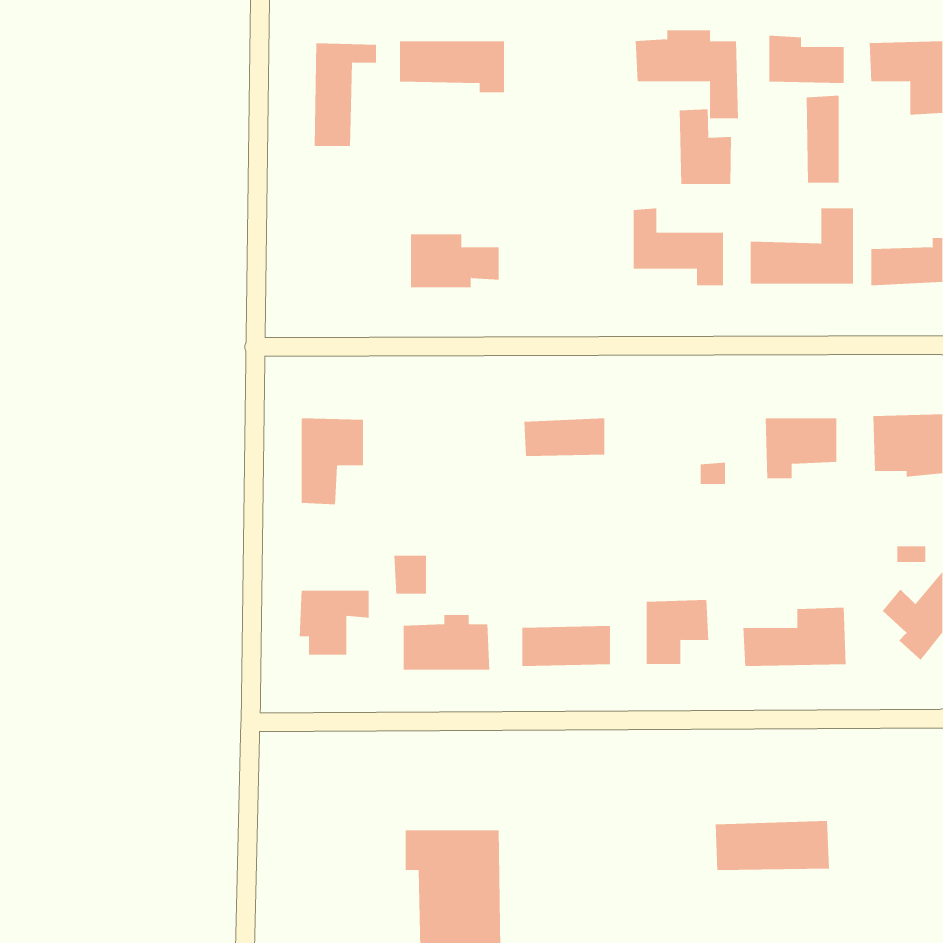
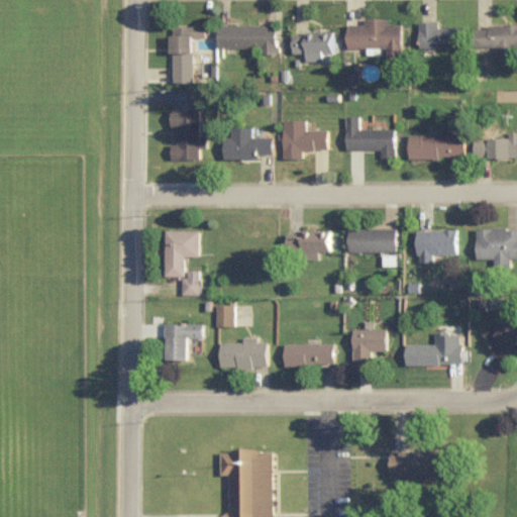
building: none -> [292,32,332,61]
building: [806,95,839,183] -> none
building: [679,108,731,185] -> none
building: none -> [170,110,206,160]
building: none -> [282,120,327,160]
building: none -> [347,228,396,252]
building: none -> [182,271,198,295]

